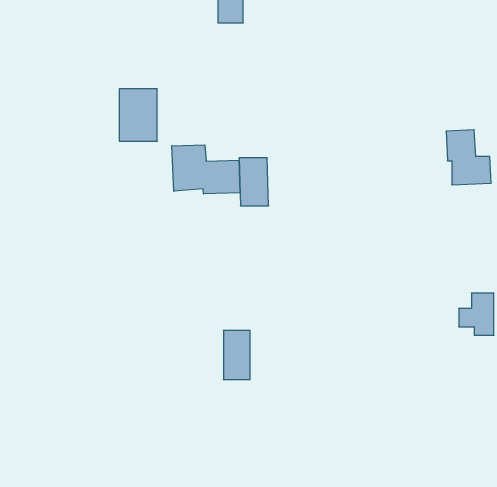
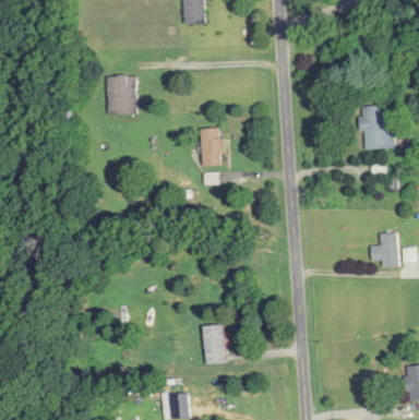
building: [172,145,240,194] -> none
building: [223,330,250,380] -> [204,324,225,362]

